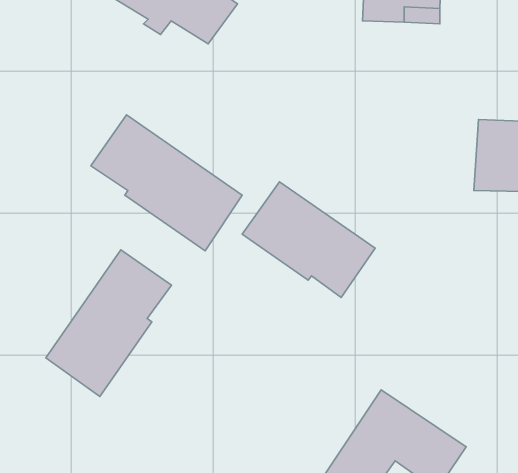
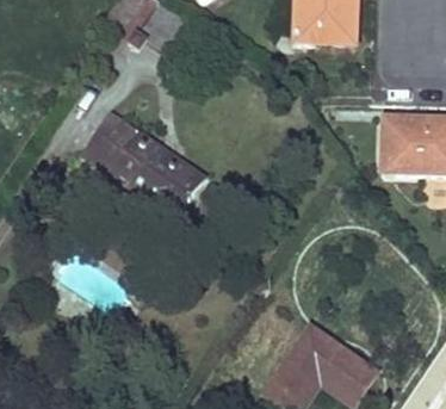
building: [242,182,375,297] -> none
building: [46,250,172,397] -> none

